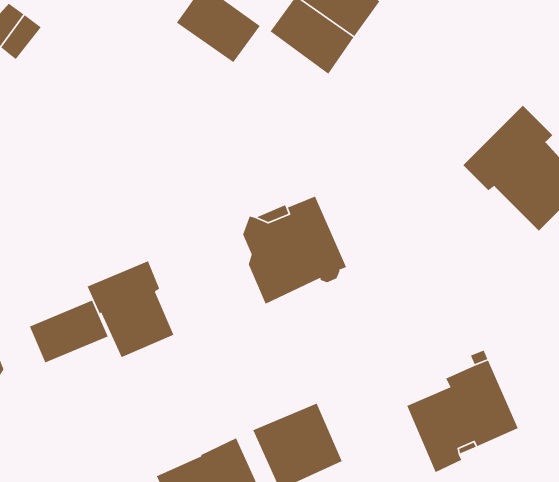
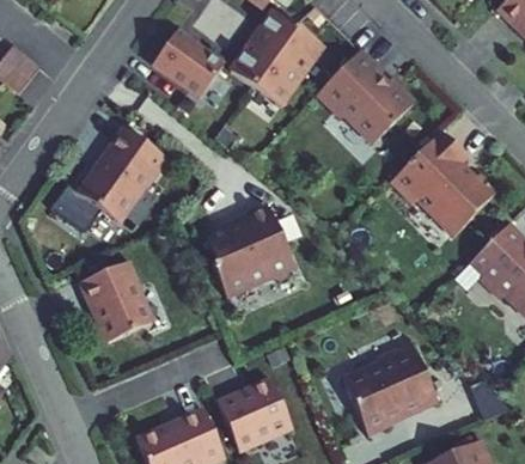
building: none -> [317,50,414,142]
building: none -> [49,127,167,232]
building: [29,299,109,364] -> none

